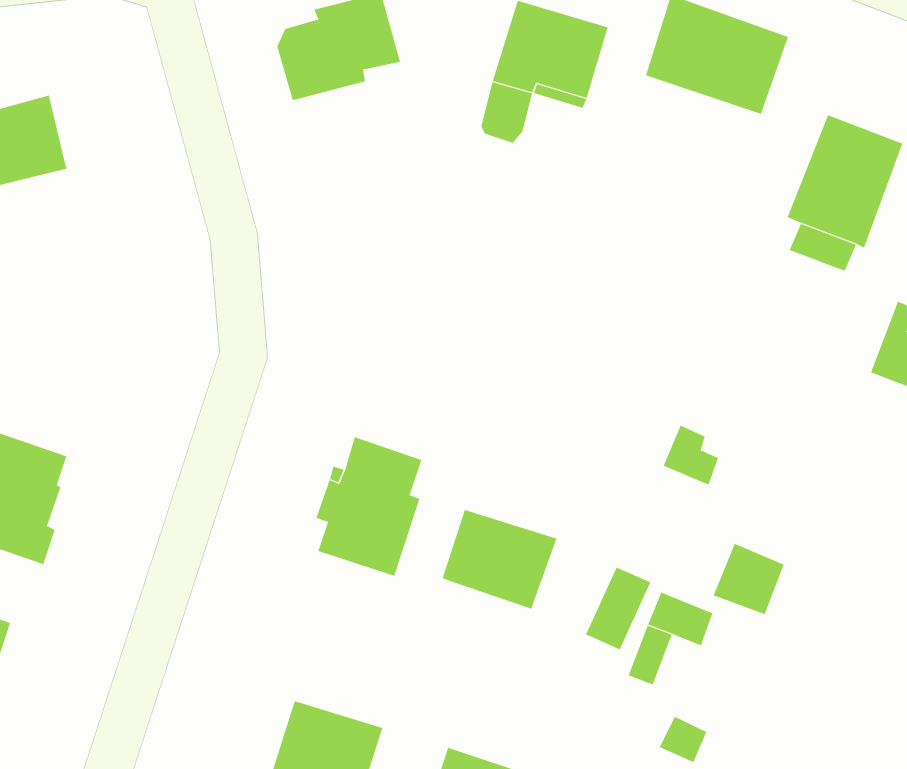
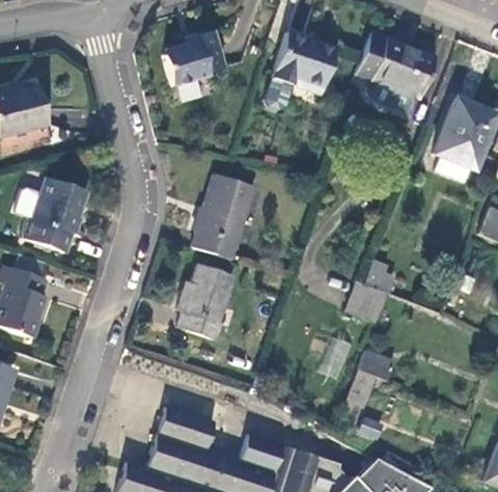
building: none -> [192,173,255,261]
building: none -> [26,179,89,250]
building: [442,509,557,610] -> none
building: [713,543,785,615] -> [348,281,386,320]

